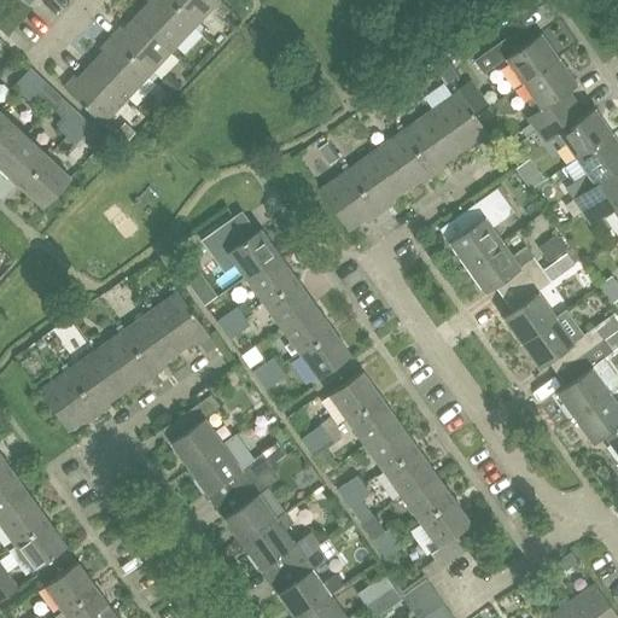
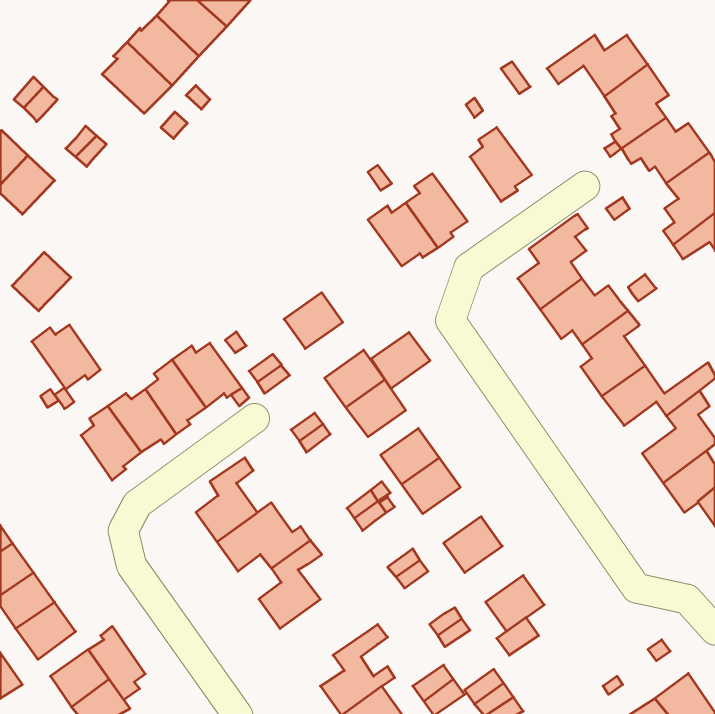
building: [62,65,124,124] -> none
building: [428,91,489,152] -> none
building: [373,136,432,192] -> none
building: [19,157,70,208] -> [12,252,71,311]
building: [200,216,278,276] -> none
building: [263,279,314,327] -> [371,332,430,388]
building: [37,377,97,432] -> [32,325,100,389]
building: [365,421,415,470] -> none
building: [401,472,451,520] -> none
building: [241,513,317,569] -> none
building: none -> [89,626,145,700]

